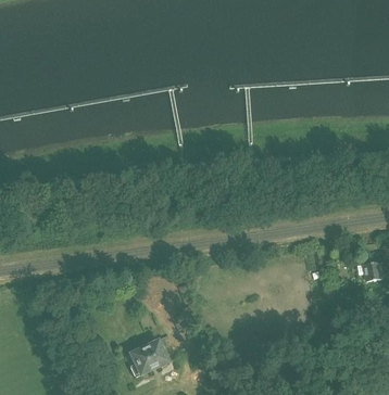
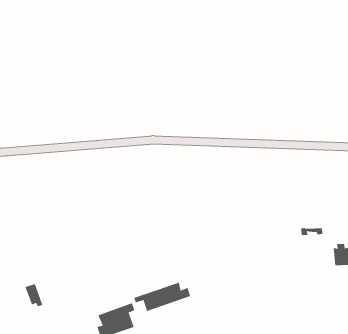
building: none -> [133,282,191,312]

